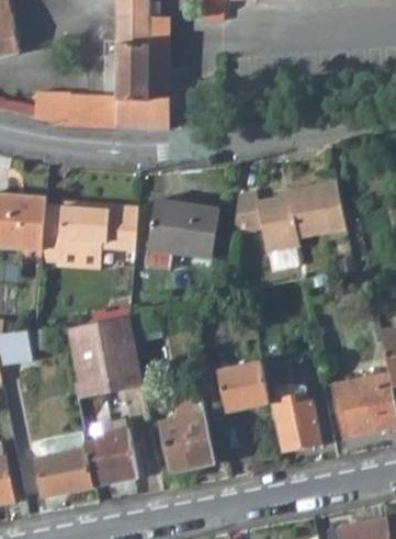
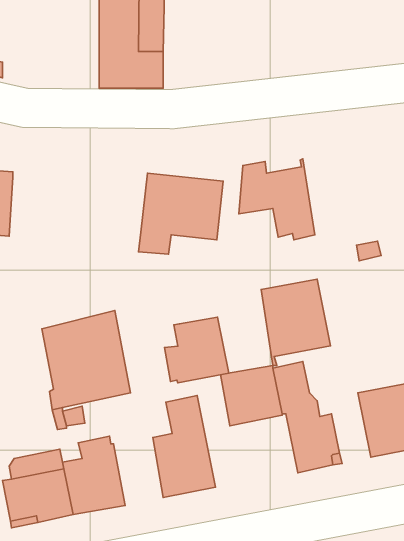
building: [39,98,115,128] -> none
building: [286,179,344,251] -> [261,279,330,366]
building: [38,200,137,261] -> none
building: none -> [164,317,229,383]

